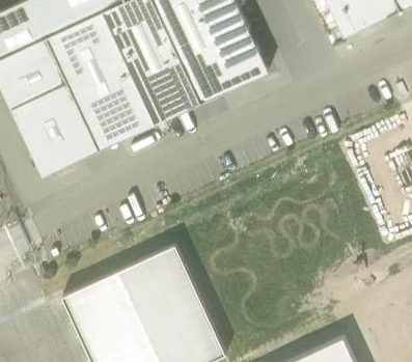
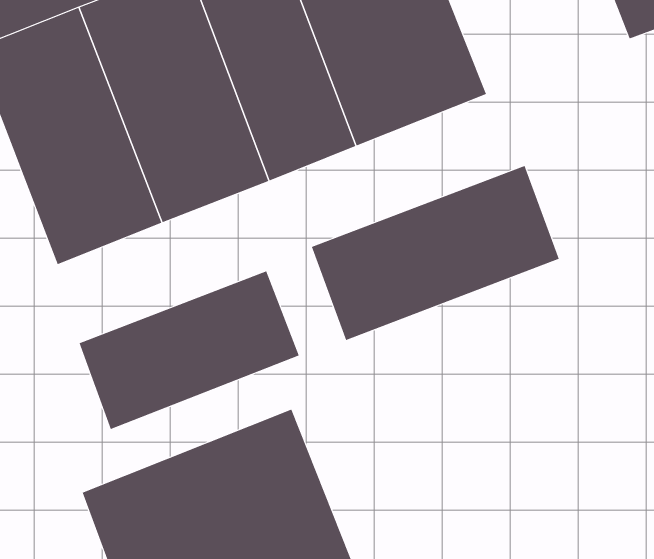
building: none -> [311,165,559,341]
building: none -> [79,270,300,430]

